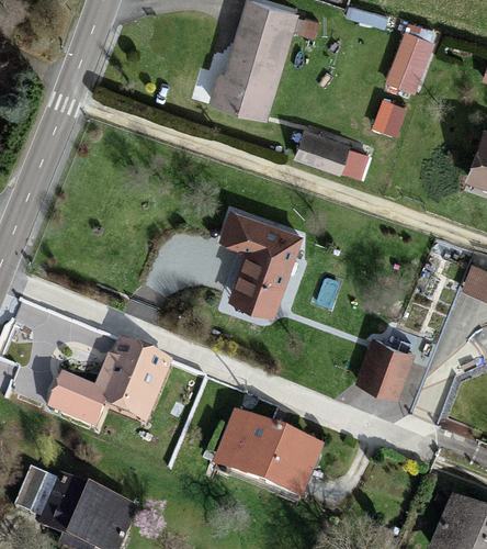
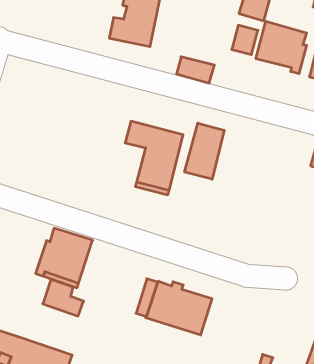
building: none -> [256,21,307,74]
building: none -> [185,123,224,179]
building: [358,339,411,394] -> none
building: [48,376,102,426] -> [43,280,84,316]

